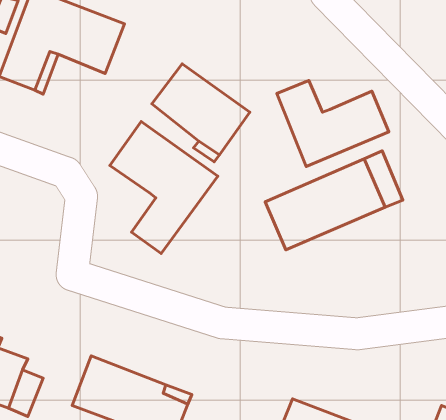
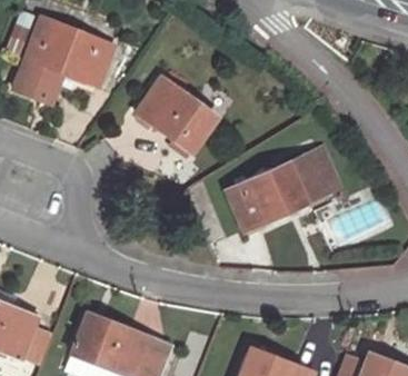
building: [277,80,389,166] -> none
building: [110,122,218,254] -> none

